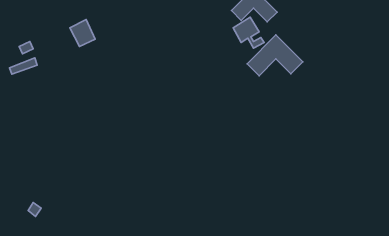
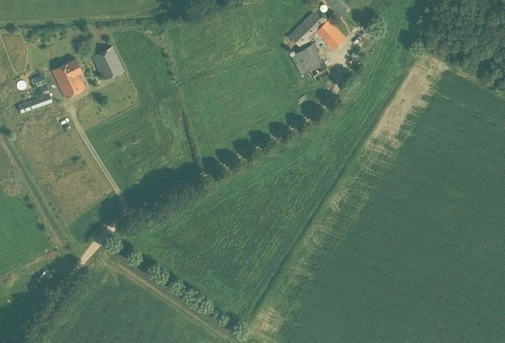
building: none -> [51,58,85,98]
building: [247,35,303,76] -> none

